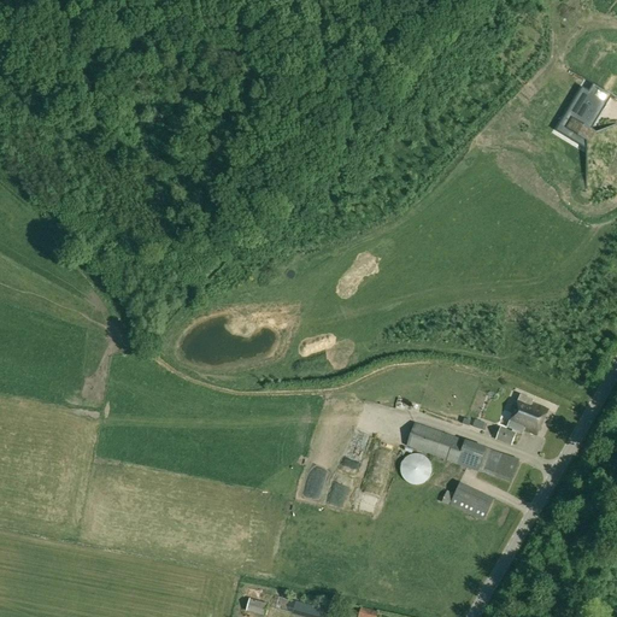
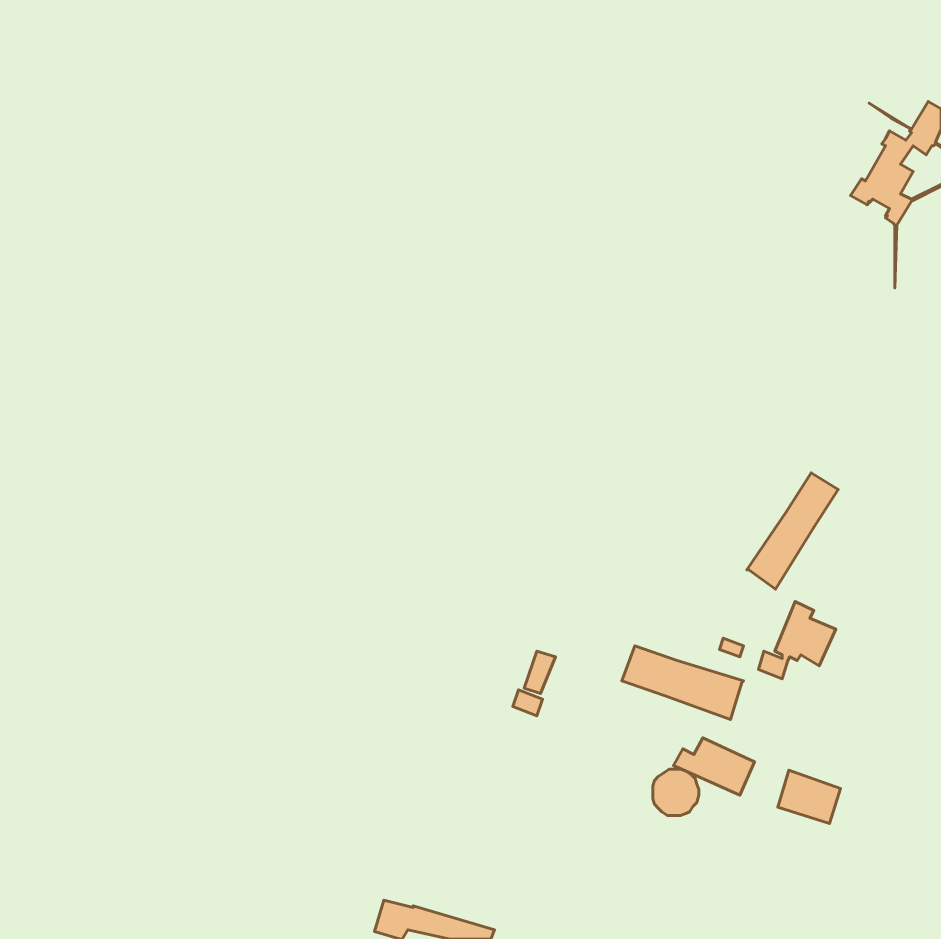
building: none -> [747,473,838,589]
building: [477,446,518,481] -> [778,770,841,824]
building: [400,452,430,482] -> [653,769,699,815]

